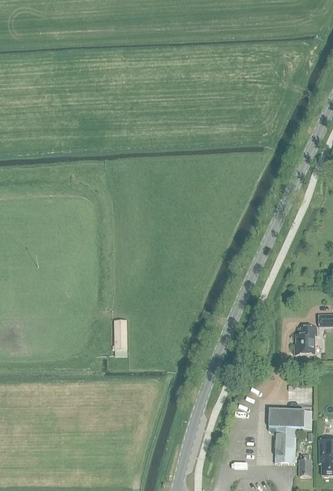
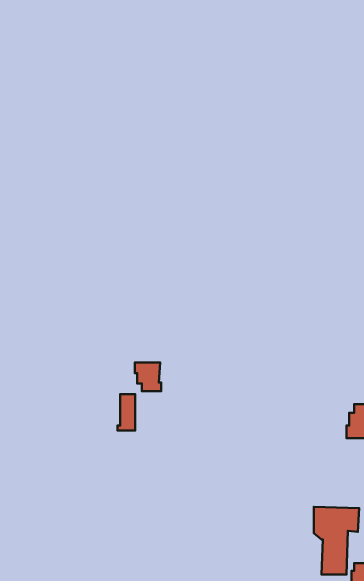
building: none -> [135,362,161,391]

